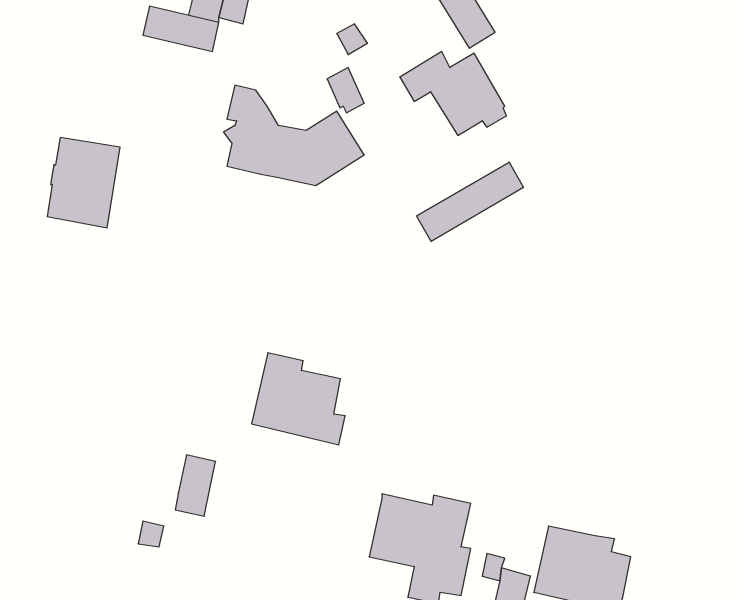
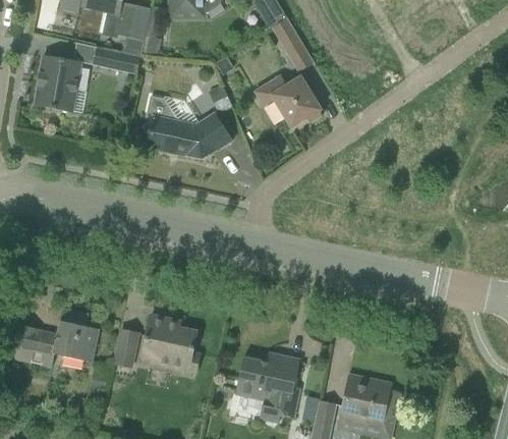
building: [47,138,120,228] -> [35,55,80,112]
building: [417,162,523,241] -> none
building: [252,353,345,445] -> [140,315,200,373]
building: none -> [7,309,99,367]

